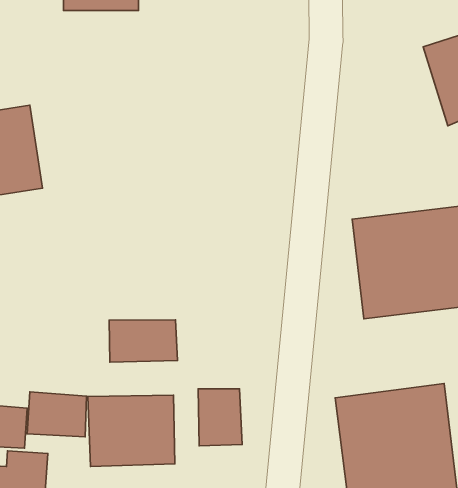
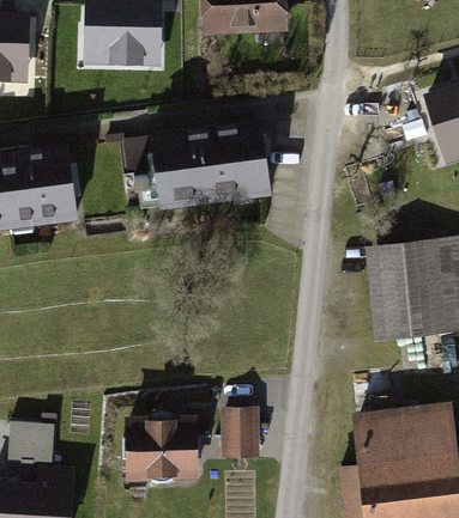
building: none -> [139,120,270,212]
building: [109,320,178,362] -> none
building: [27,392,86,437] -> none

